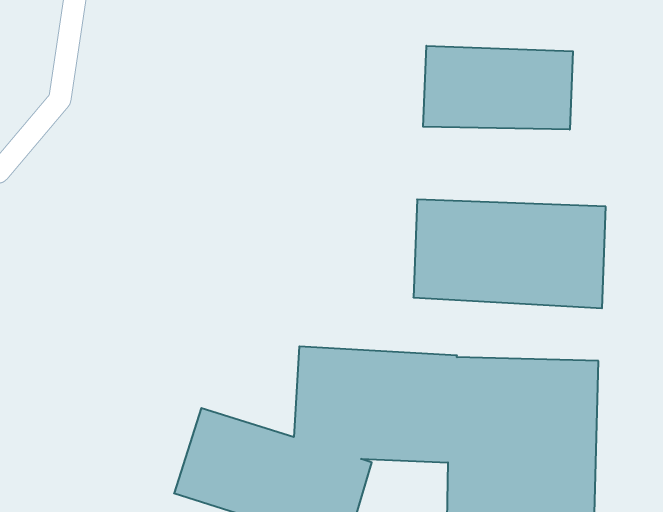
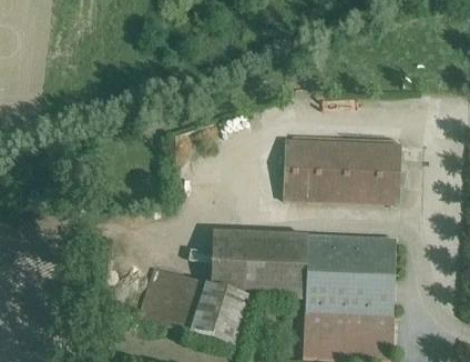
building: [423,46,573,130] -> none

